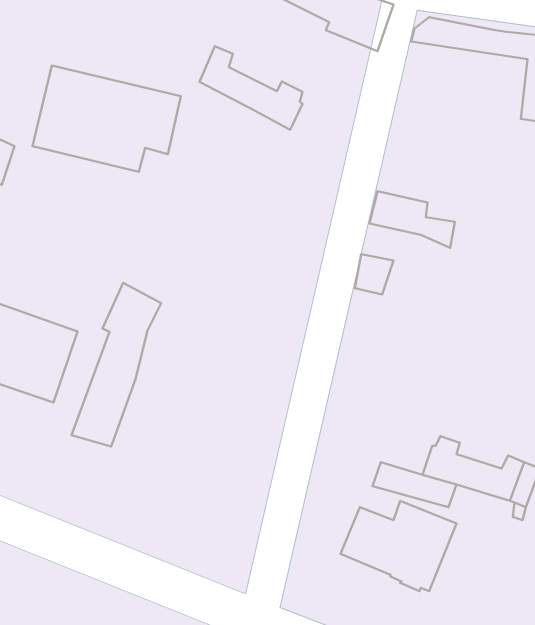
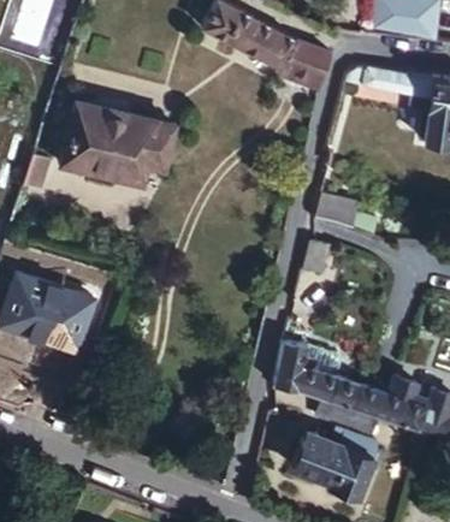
building: [200,46,303,130] -> none
building: [72,283,161,446] -> none
building: none -> [277,342,362,408]

